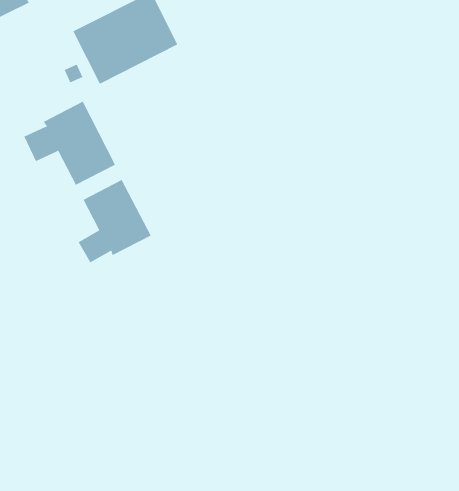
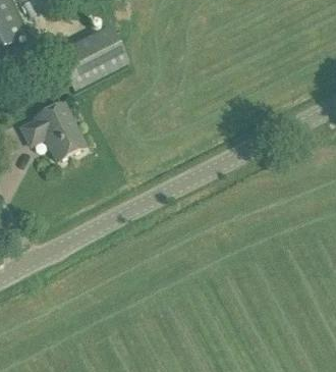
building: [78,179,151,263] -> none

